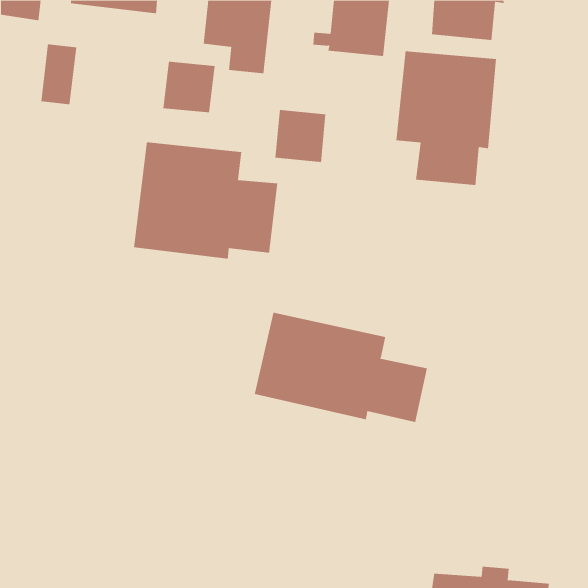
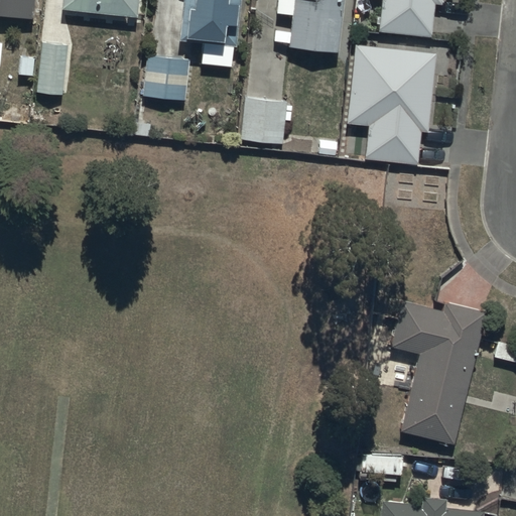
building: [133,141,278,259] -> none
building: [254,312,428,423] -> none
building: none -> [390,298,484,443]

